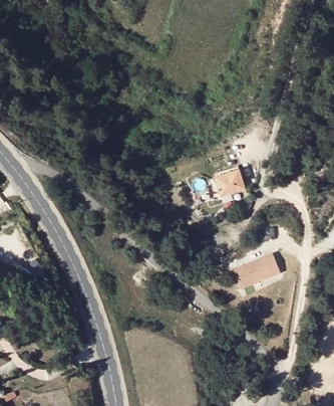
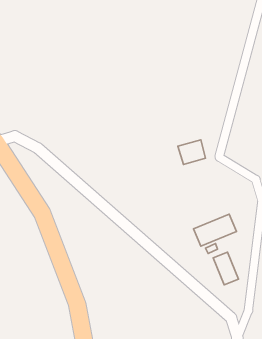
building: none -> [213,252,239,285]

